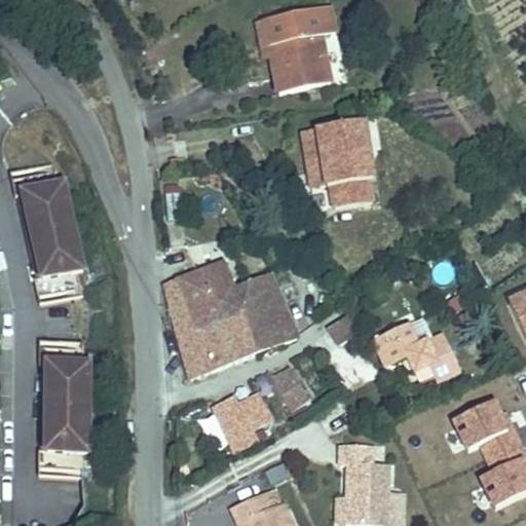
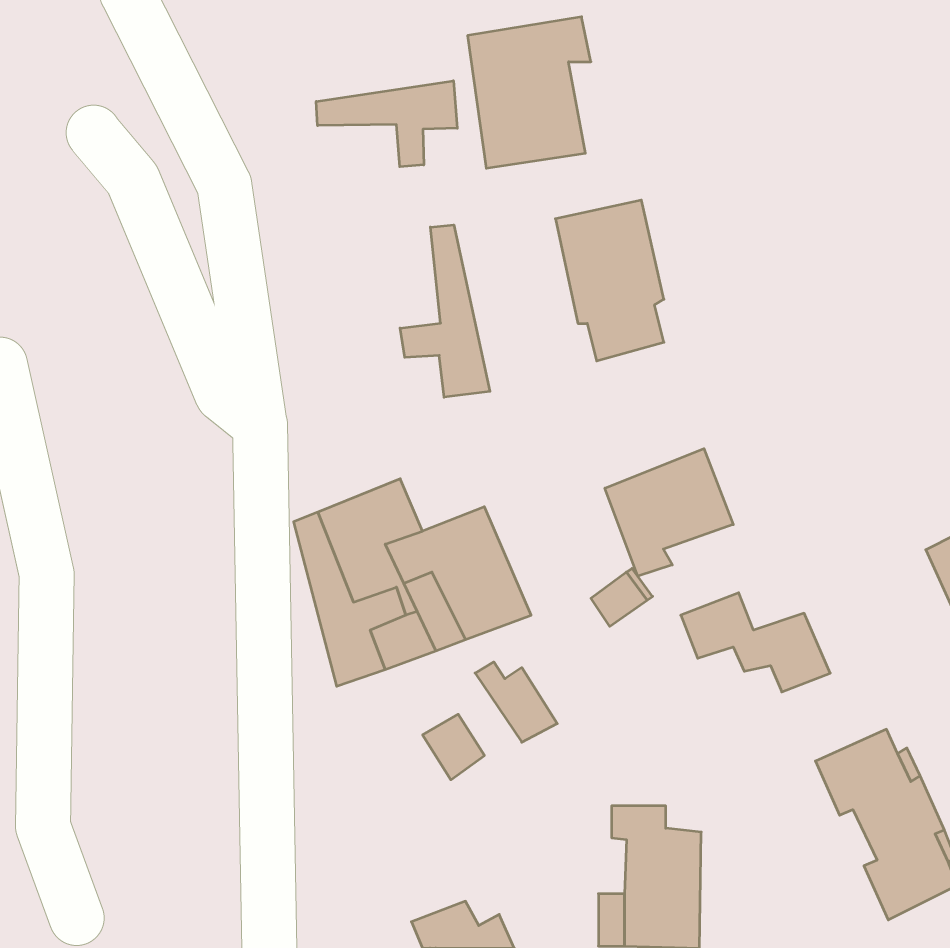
building: none -> [316,81,457,167]
building: none -> [400,225,490,397]
building: [13,163,87,305] -> none
building: none -> [605,449,733,576]
building: [43,341,93,477] -> none
building: [217,397,258,451] -> none

